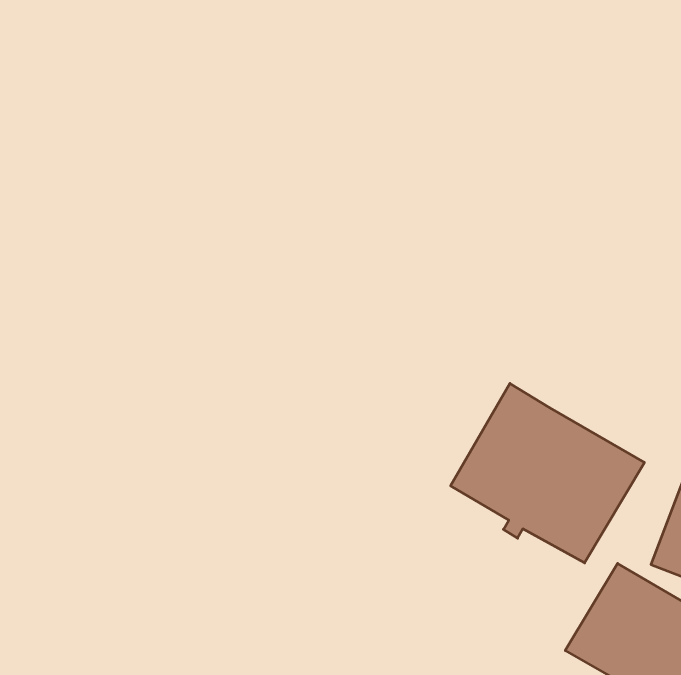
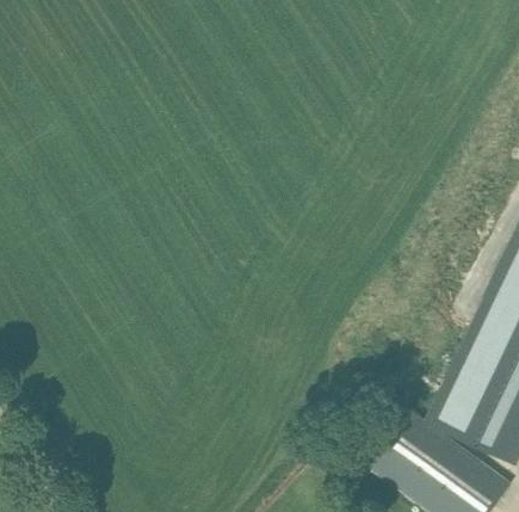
building: [451,383,644,563] -> none

